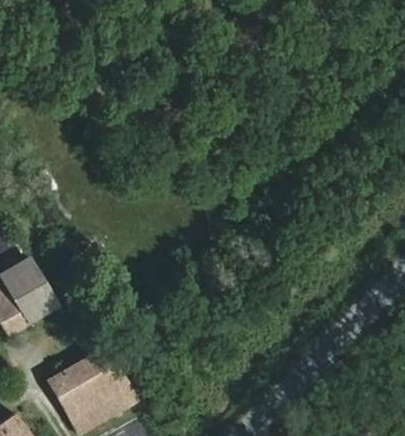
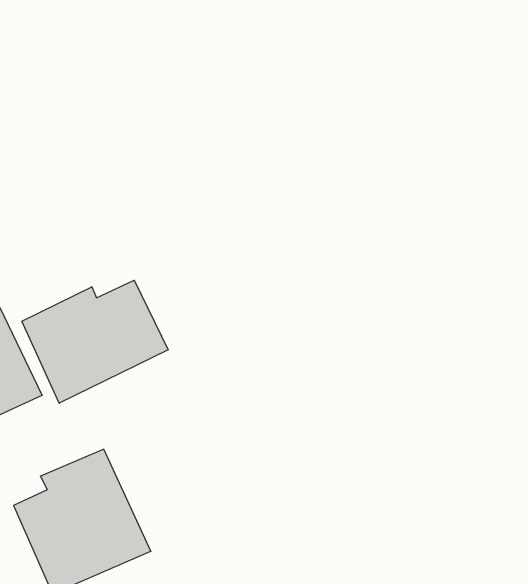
building: none -> [22,280,168,403]

